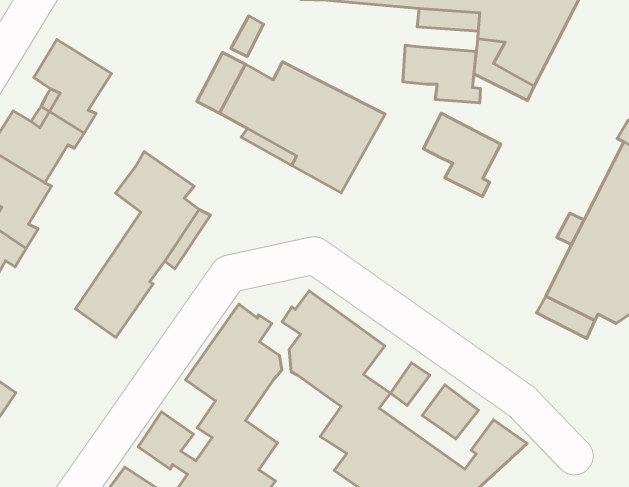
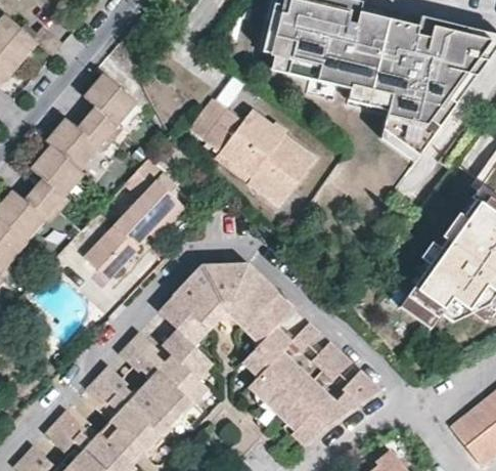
building: [403,45,481,103] -> none
building: [424,113,501,197] -> none
building: none -> [198,268,247,333]

